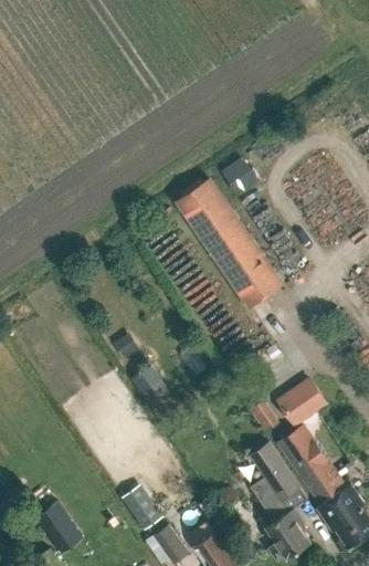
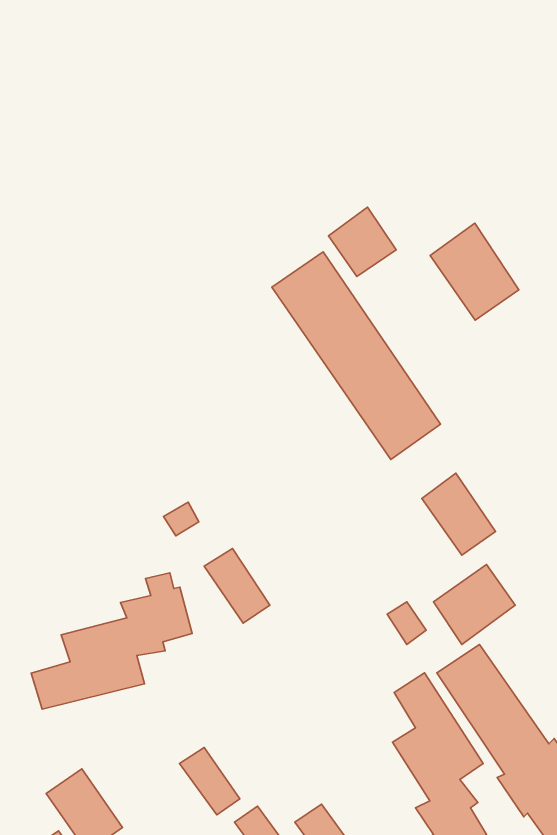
building: none -> [430,223,519,320]
building: none -> [422,473,495,555]
building: none -> [31,573,192,709]

